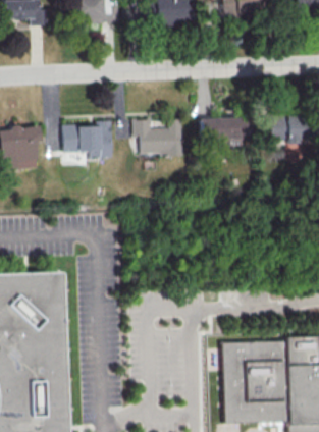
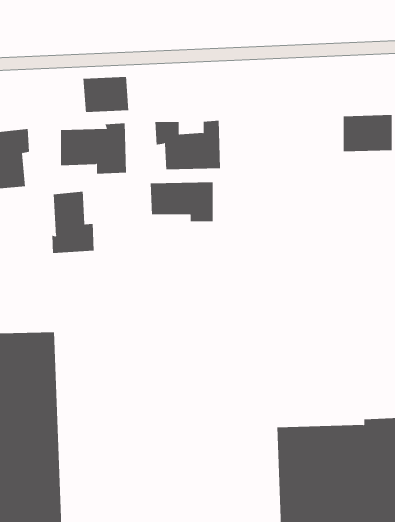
building: none -> [83,76,129,113]
building: [202,117,249,147] -> [150,182,213,222]
building: none -> [52,191,94,254]

